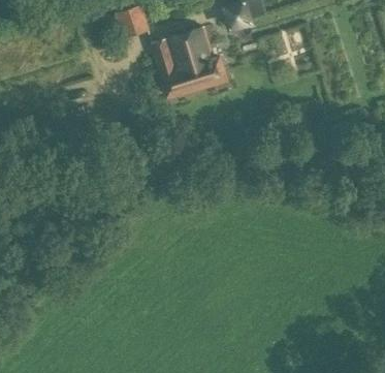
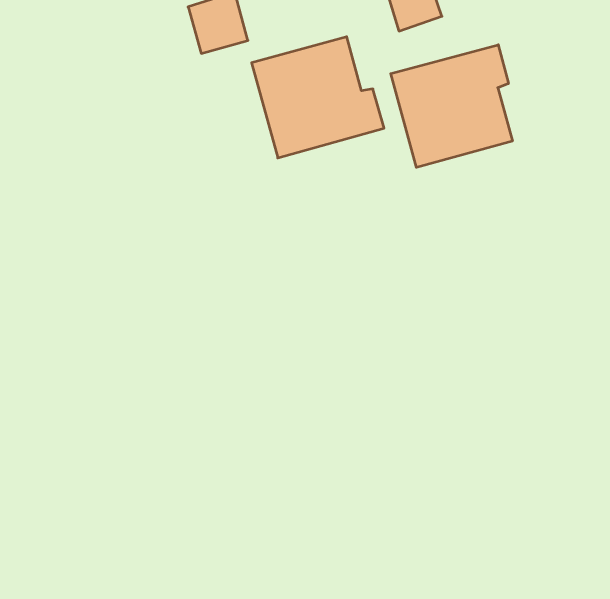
building: none -> [391,45,512,167]

